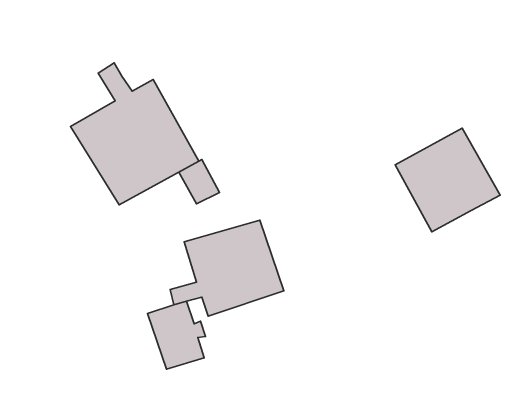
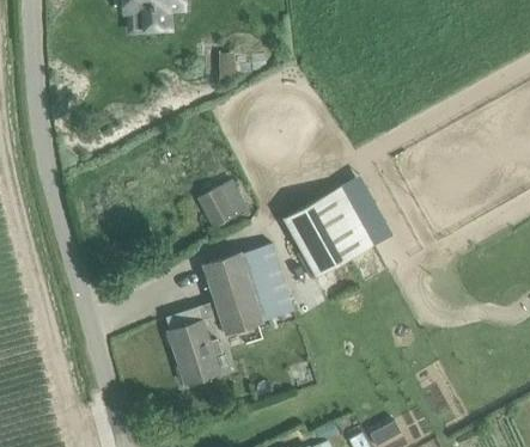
building: [71,63,199,205] -> none
building: [395,128,500,232] -> [280,180,379,278]

